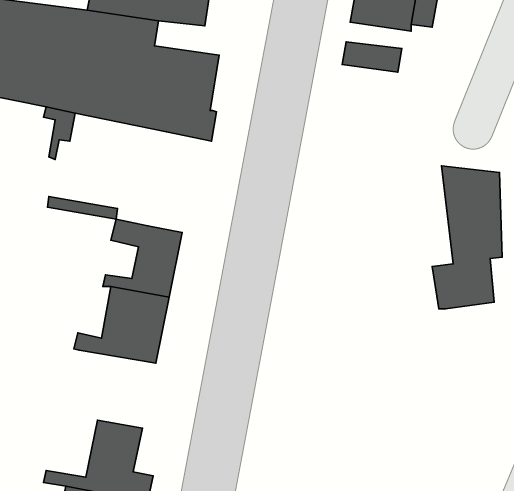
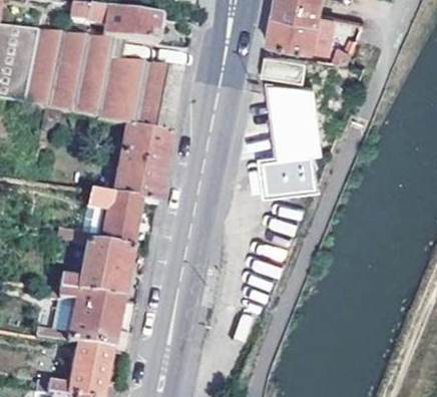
building: none -> [114,123,171,204]
building: [432,166,502,309] -> [264,79,317,187]
building: none -> [36,289,132,351]

